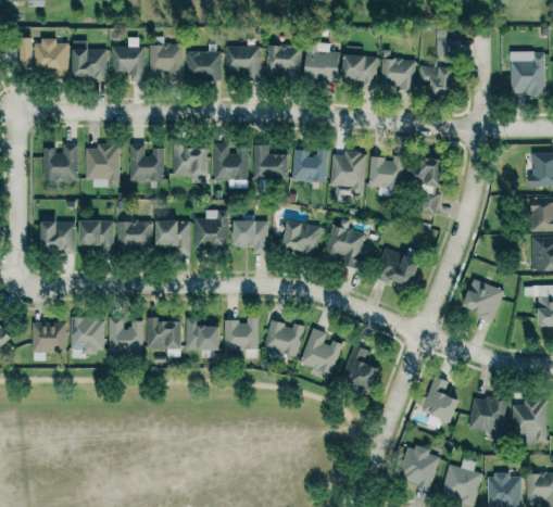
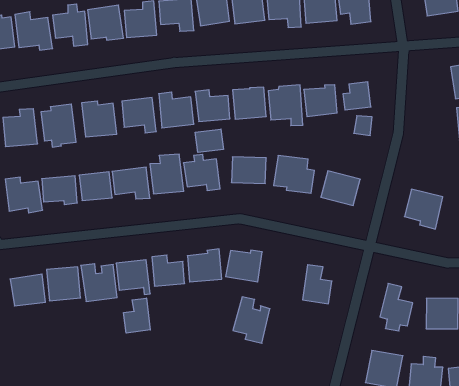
building: none -> [195,129,223,152]
building: [299,328,341,380] -> [233,297,270,343]
building: none -> [124,298,150,333]

